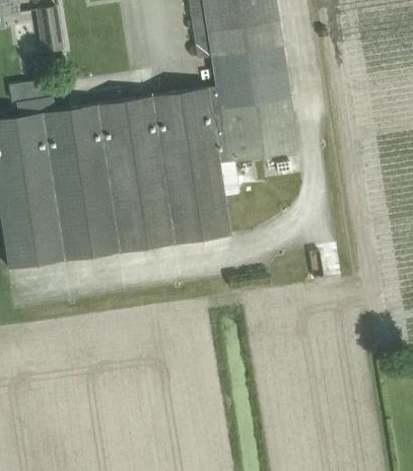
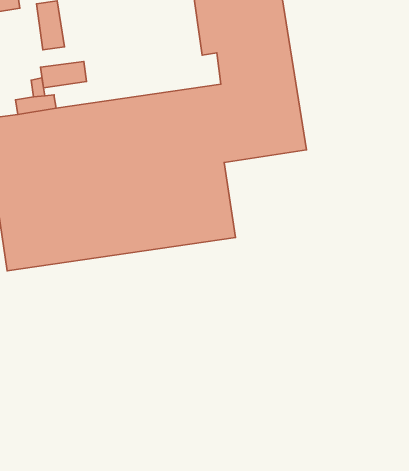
building: none -> [41,62,87,88]

